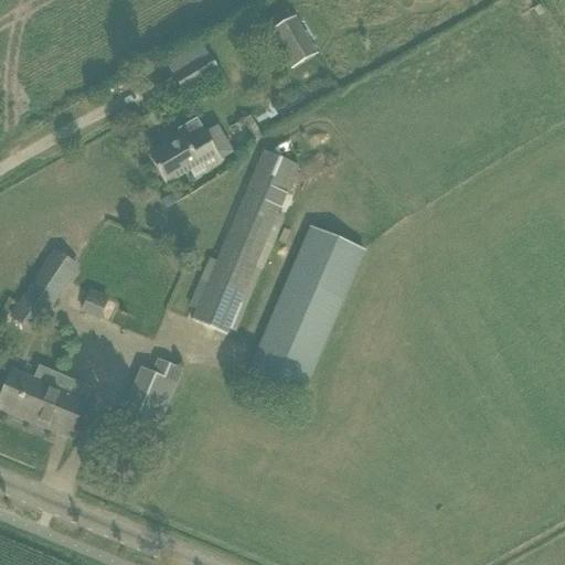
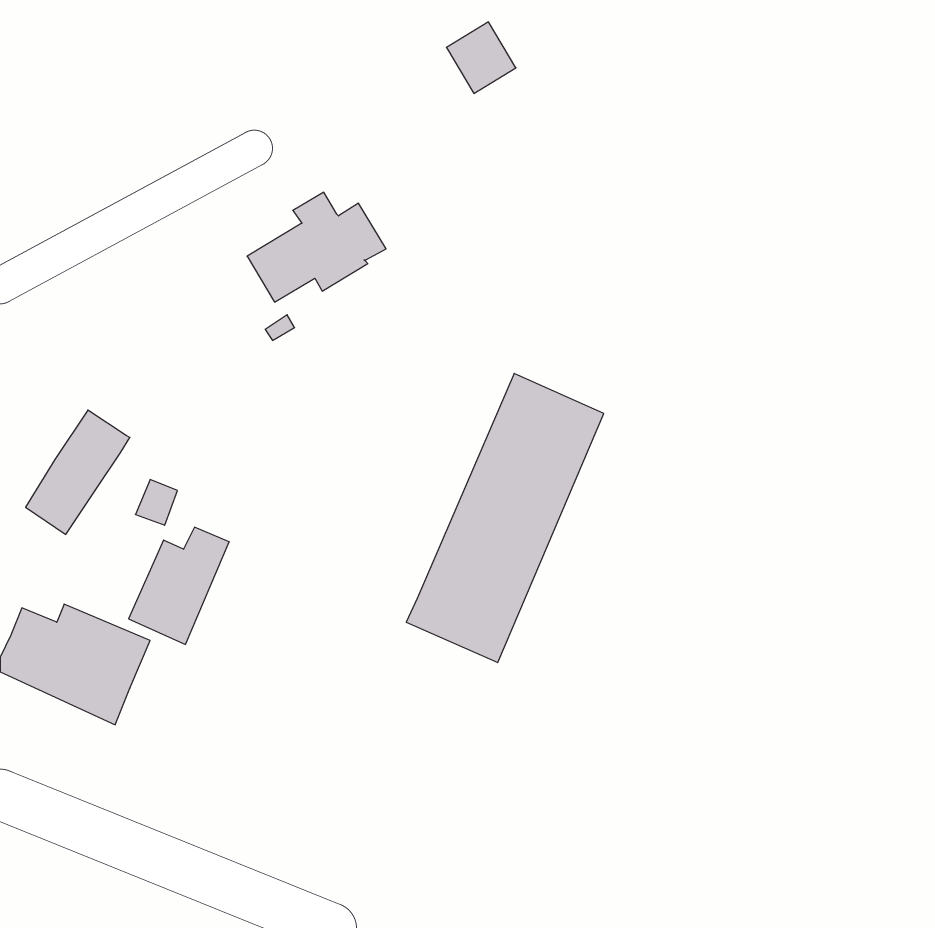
building: [173,53,217,92] -> none
building: [190,147,299,332] -> none
building: [120,359,181,429] -> [129,527,229,644]

